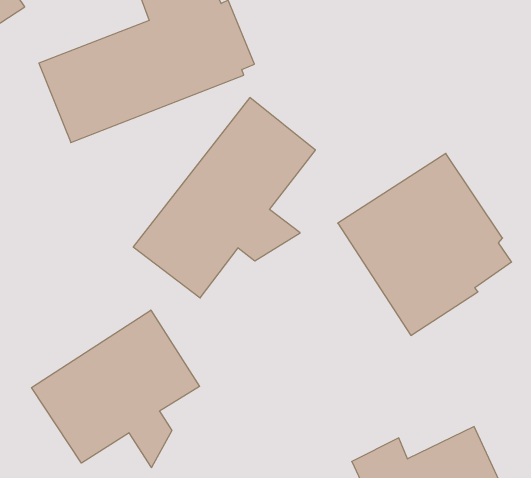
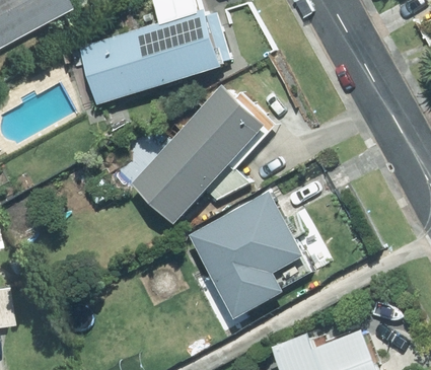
building: [338,153,512,335] -> [190,192,310,318]
building: [32,310,200,468] -> none

